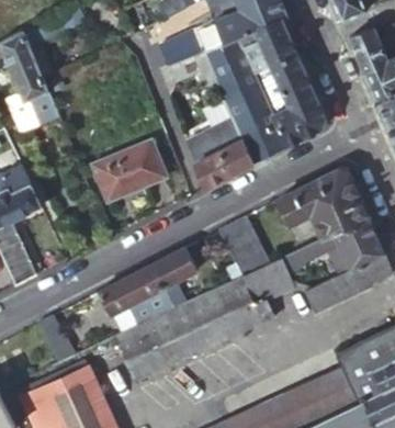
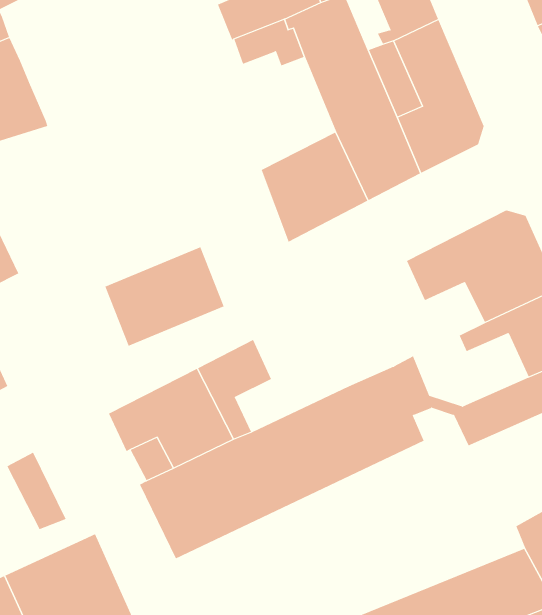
building: [94,140,167,201] -> [104,246,224,346]
building: [218,215,269,274] -> none

